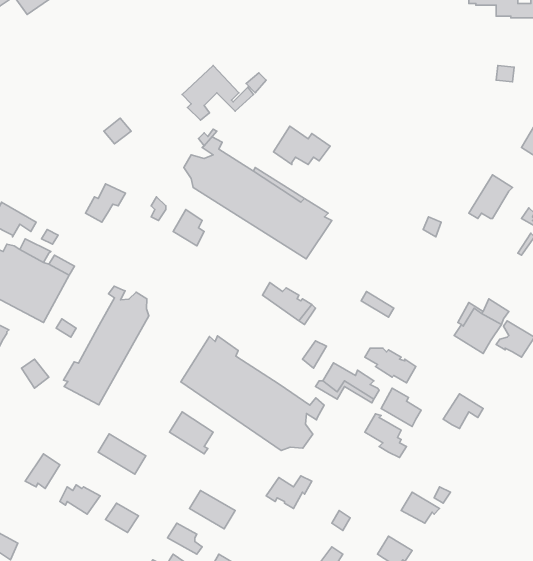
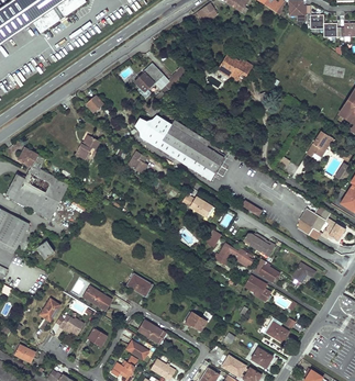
building: [273,126,330,164] -> [218,54,252,77]
building: [64,286,149,405] -> none
building: [181,336,324,450] -> none

